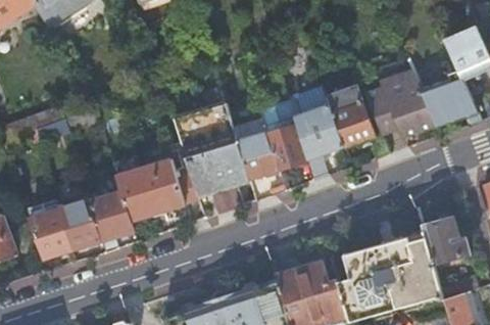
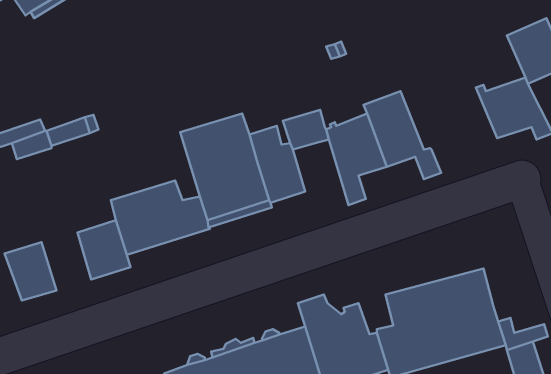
building: [363,69,436,137] -> none
building: [267,126,307,169] -> none
building: [59,199,101,250] -> none
building: [423,219,469,263] -> none

